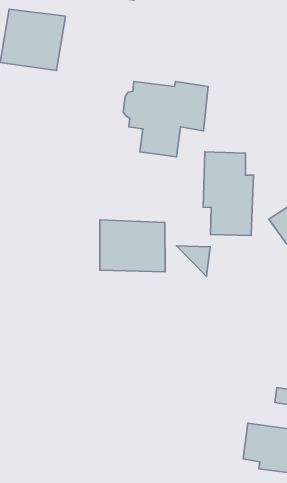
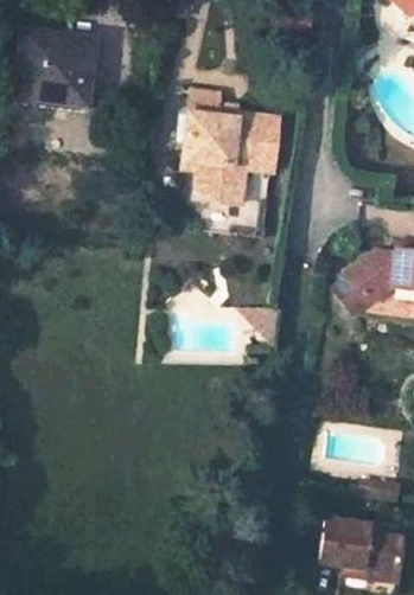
building: [203,152,253,236] -> none
building: [100,220,165,272] -> none

